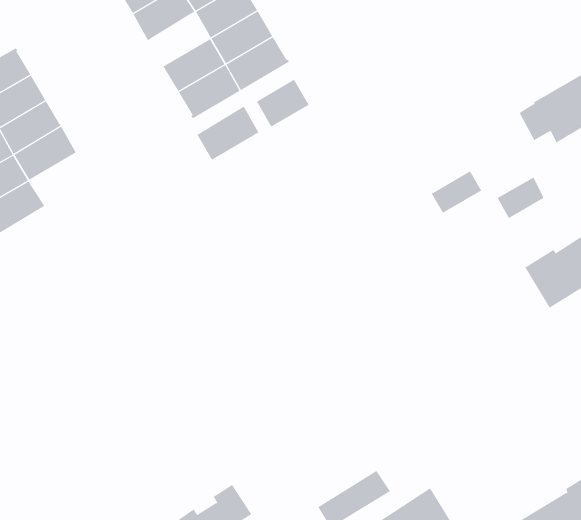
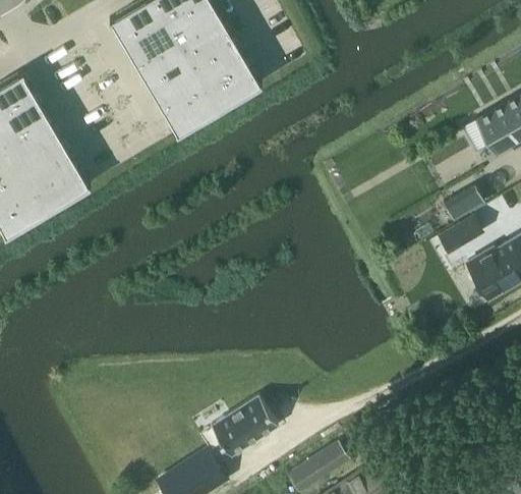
building: [256,79,310,128] -> none
building: [196,106,259,160] -> [136,43,191,91]
building: none -> [33,166,90,213]
building: [431,171,482,214] -> [438,218,482,256]
building: none -> [210,398,277,459]

